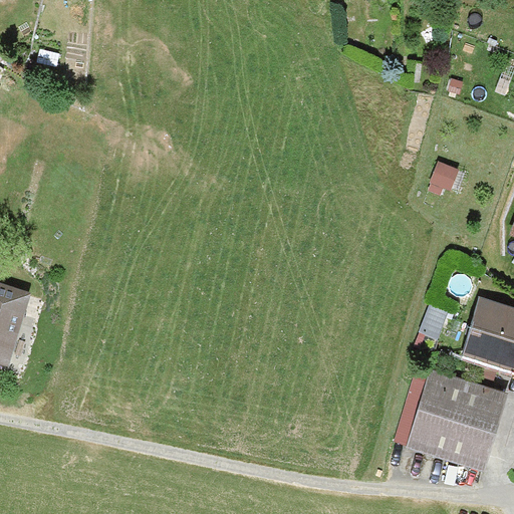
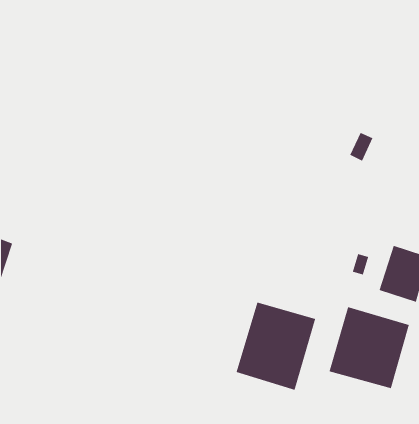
building: none -> [236,302,316,391]

